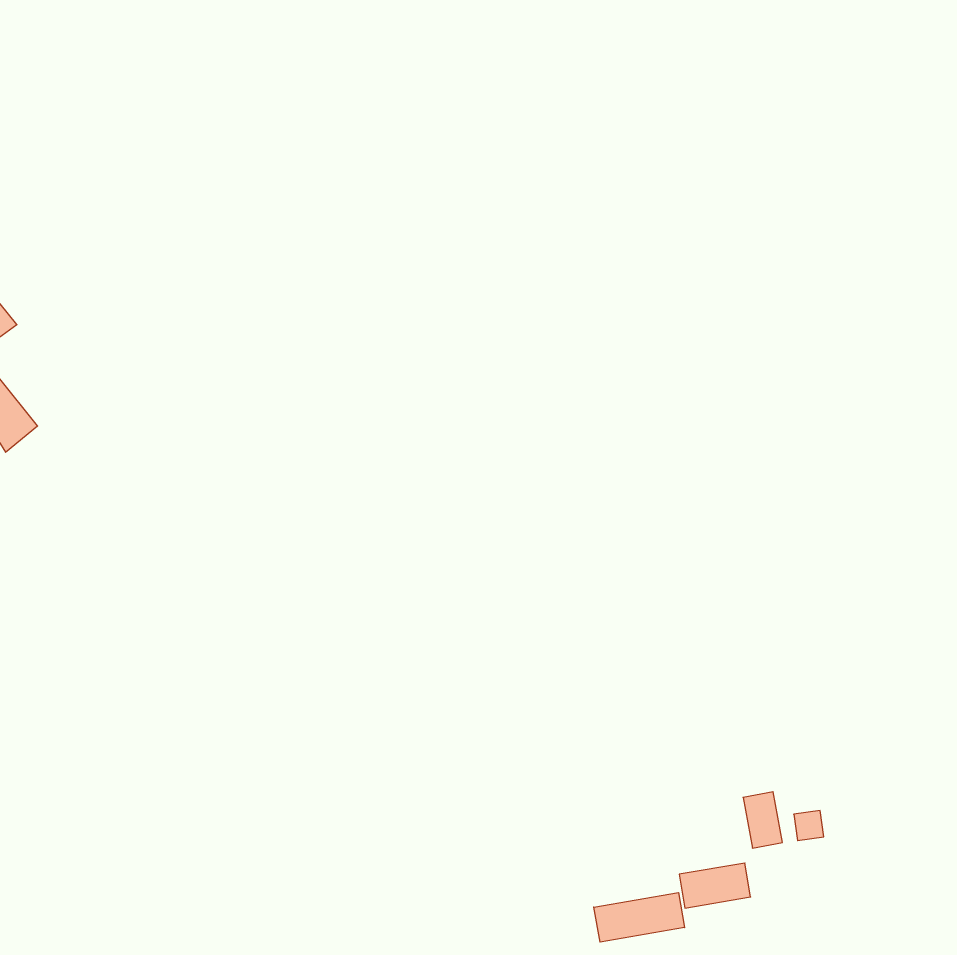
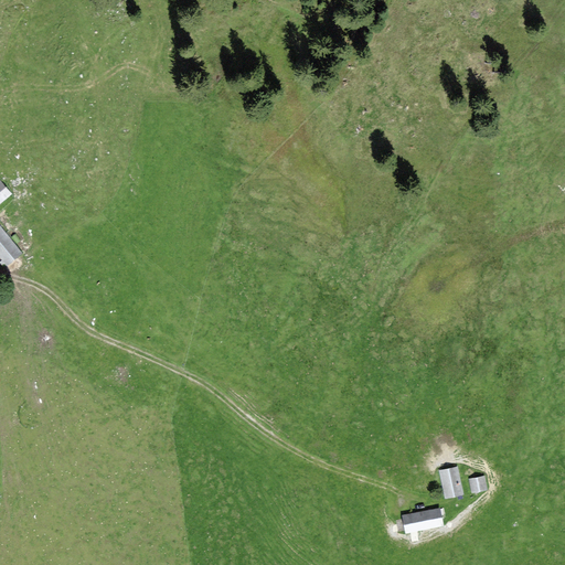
building: [594,893,685,942] -> none

